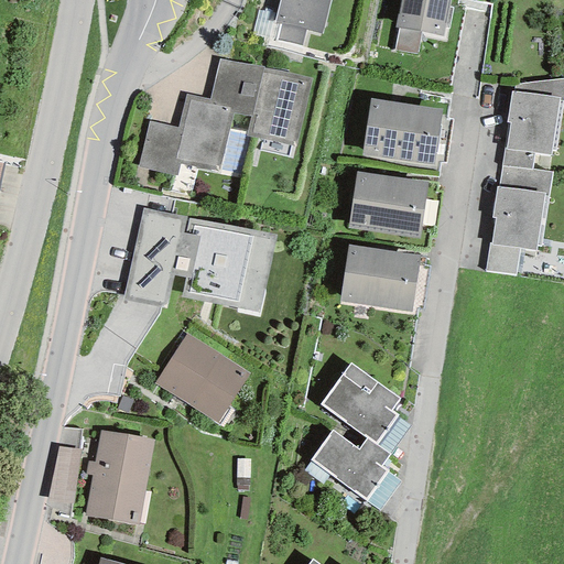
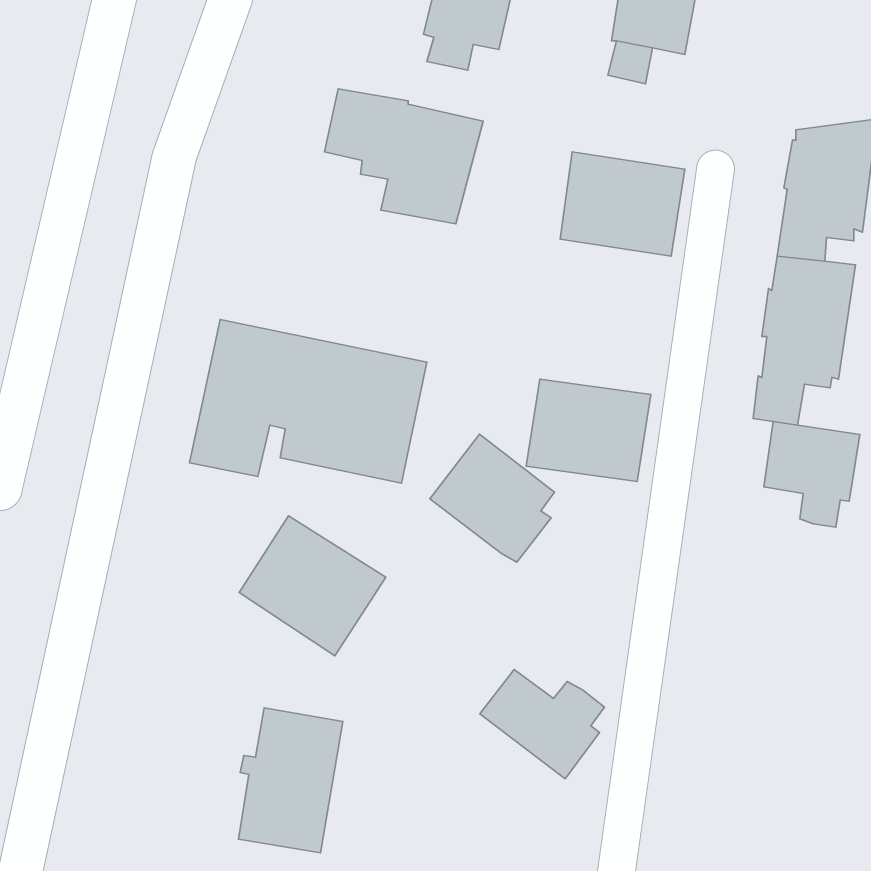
building: [139,93,235,175] -> none
building: [348,171,429,238] -> none
building: none -> [764,422,860,527]
building: [321,362,401,445] -> [430,434,555,562]
building: [86,431,153,524] -> [239,708,343,853]

